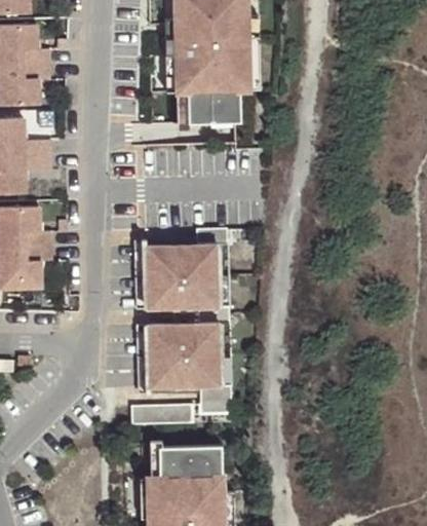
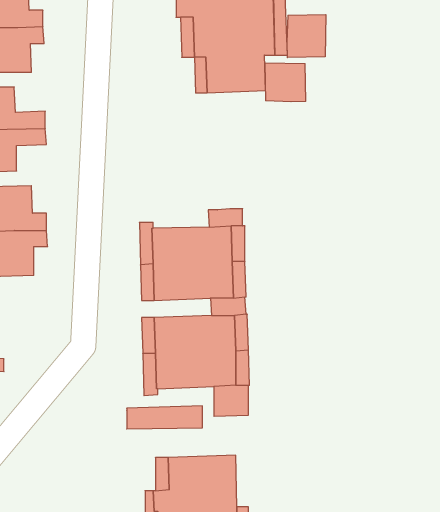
building: none -> [287,15,326,58]
building: none -> [265,63,306,102]

